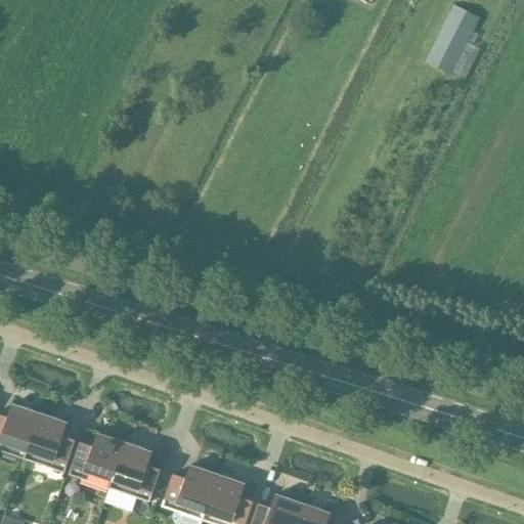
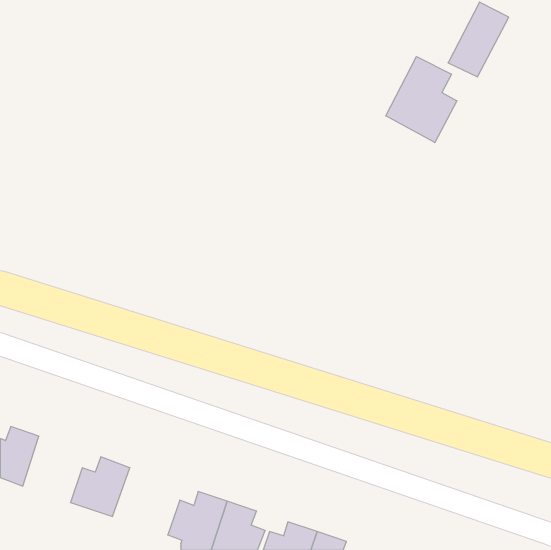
building: none -> [386,57,457,143]
building: [24,412,75,473] -> none
building: [108,442,160,501] -> none

